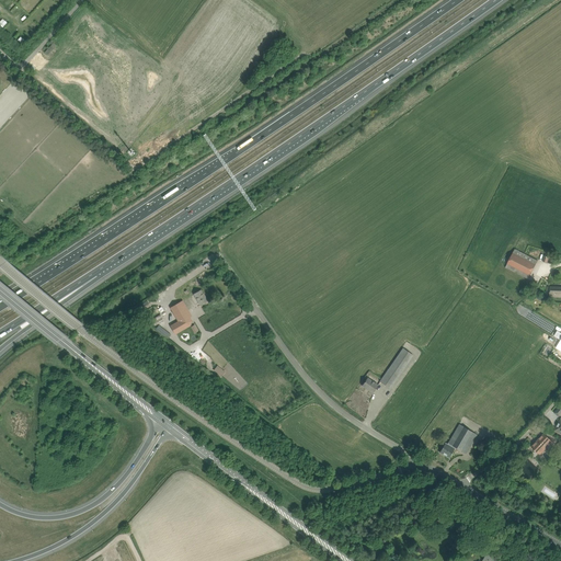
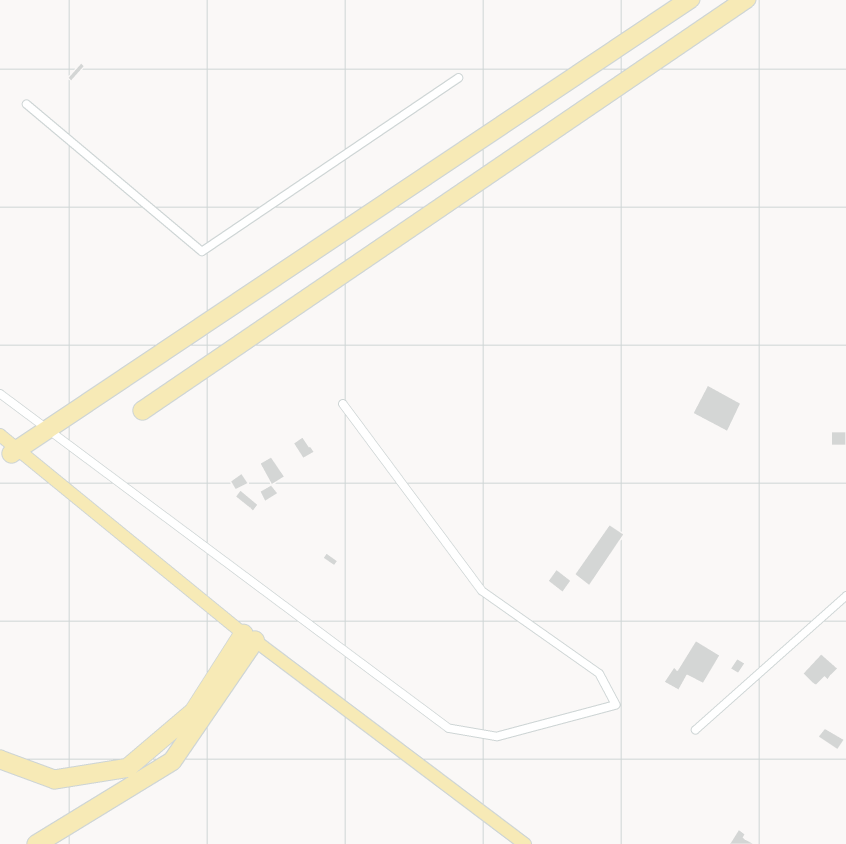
building: [505,248,537,278] -> [693,385,741,432]

